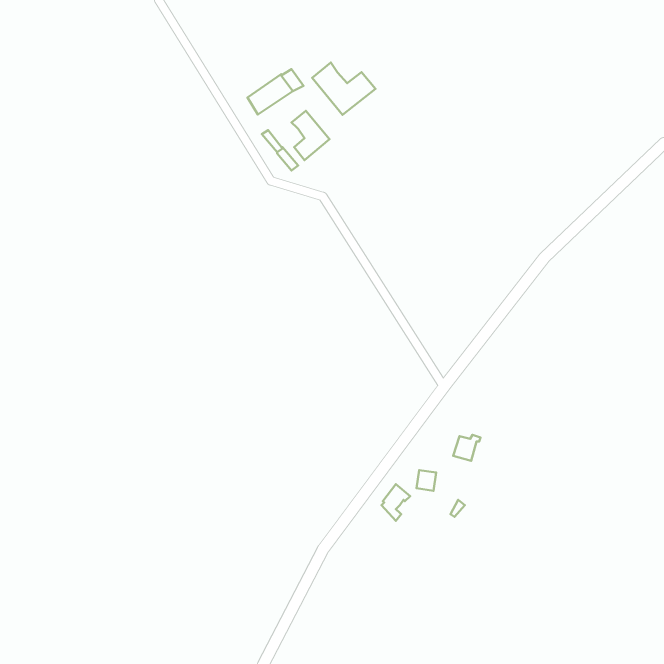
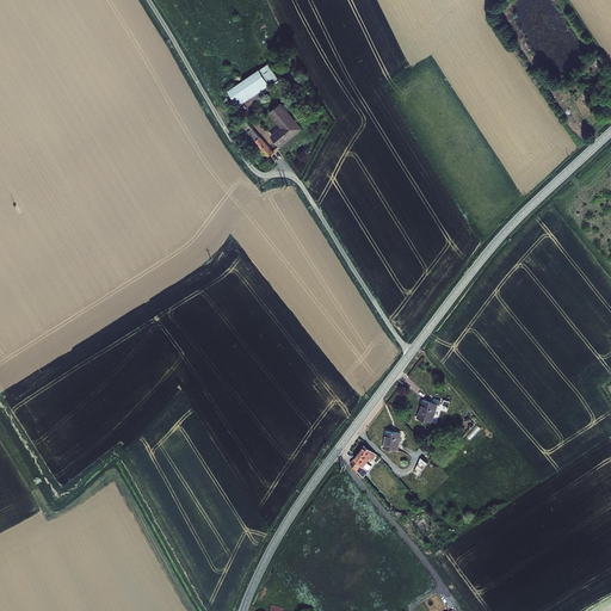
building: [312,63,375,115] -> none

